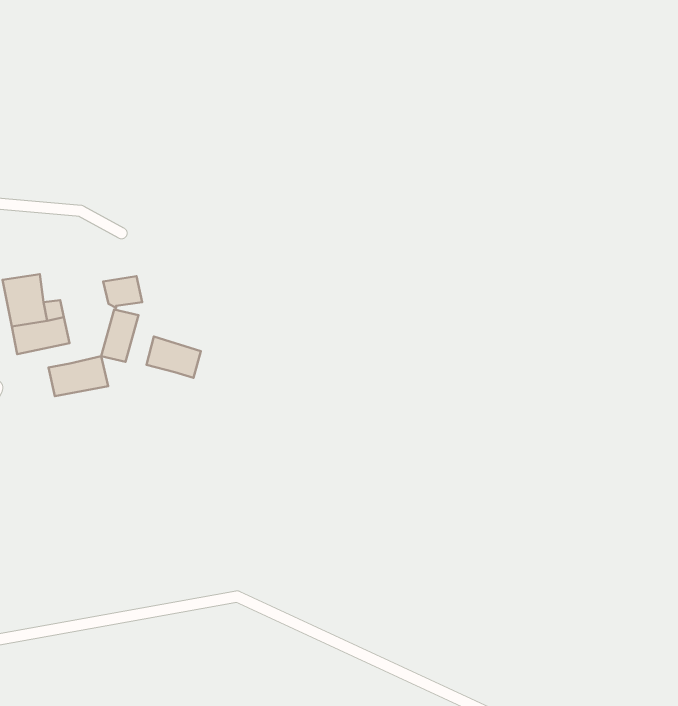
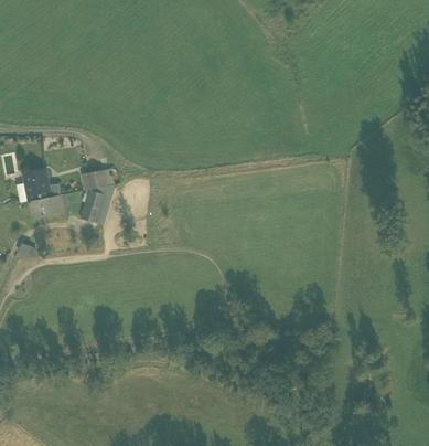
building: [146,337,201,378] -> none
building: [49,356,108,396] -> none

